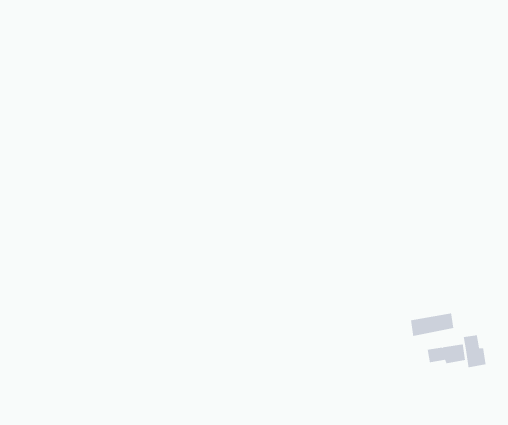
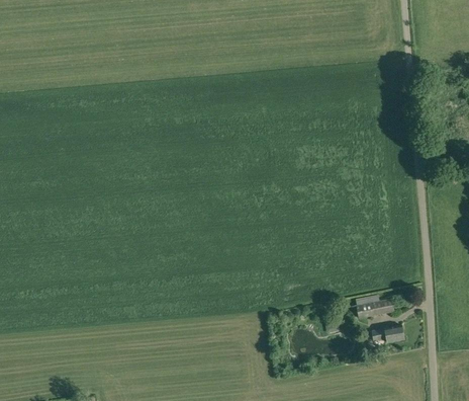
building: [463,334,486,368] -> none

